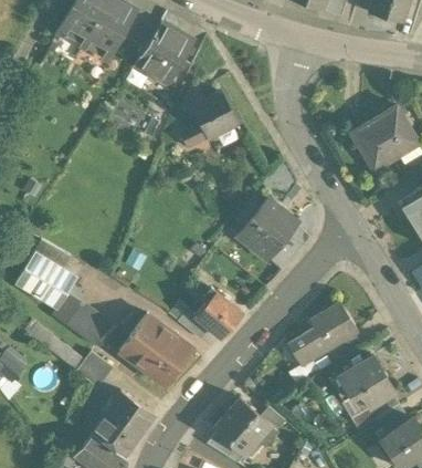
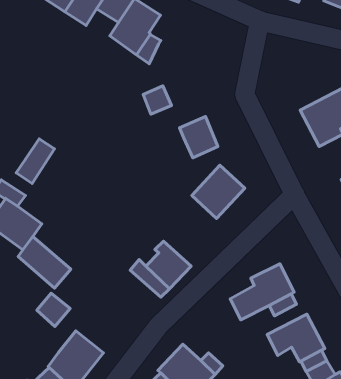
building: [192,92,235,138] -> [180,116,218,158]
building: none -> [16,139,55,184]
building: [119,314,191,385] -> none

